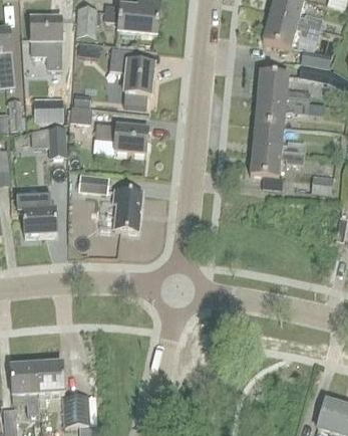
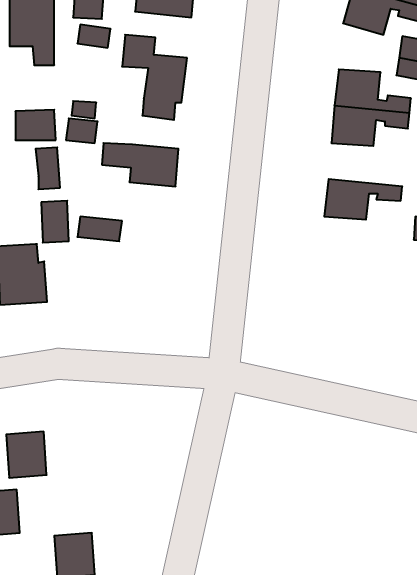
building: [252,123,304,153] -> none
building: [112,188,141,231] -> none
building: [35,362,63,394] -> [6,432,47,478]

